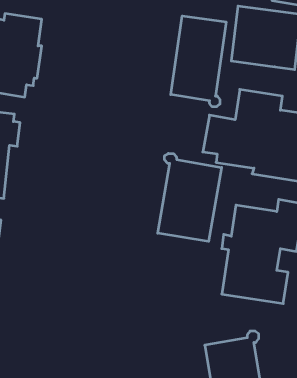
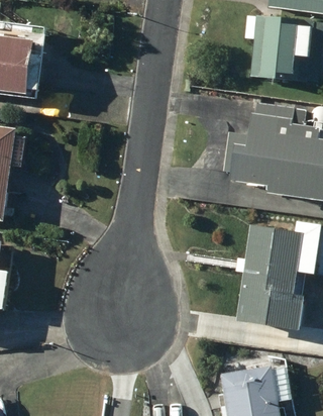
building: [171,16,226,107] -> none
building: [158,153,222,241] -> none

